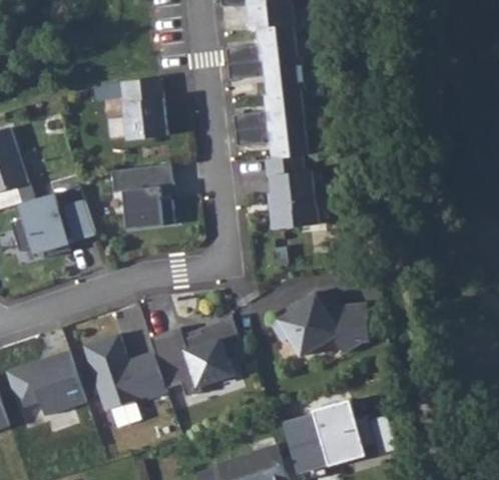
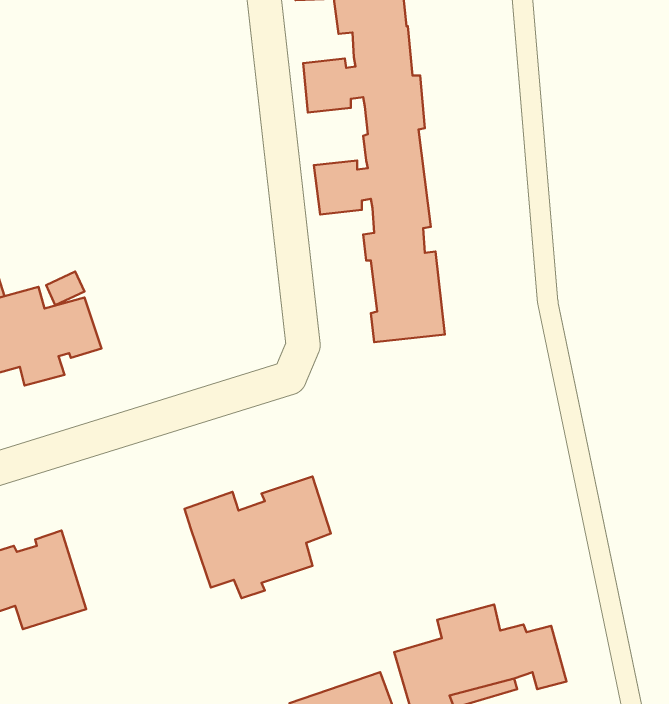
building: [120,76,167,139] -> none
building: [110,162,173,228] -> none
building: [271,291,369,355] -> none
building: [82,333,166,409] -> none

